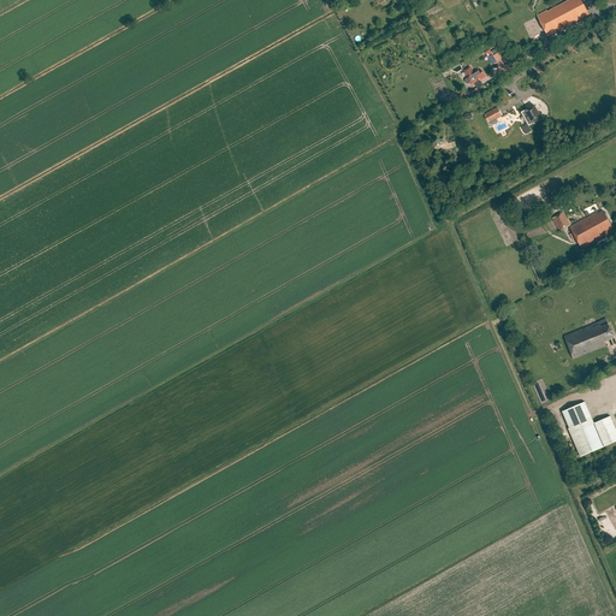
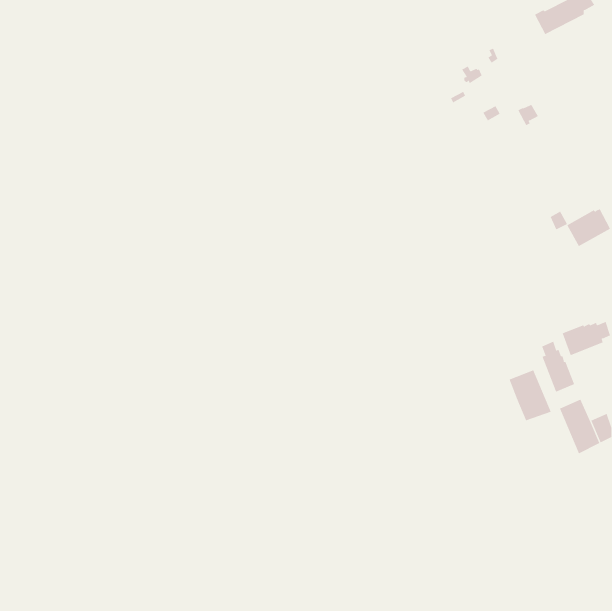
building: none -> [542,341,575,392]
building: none -> [509,369,552,421]

